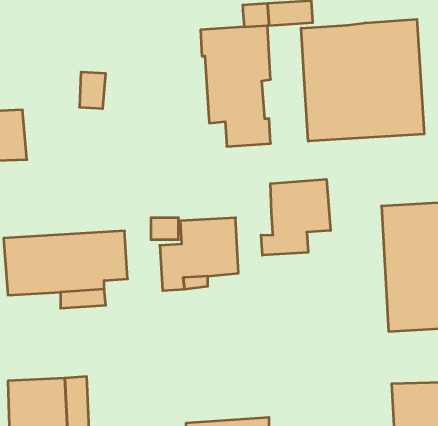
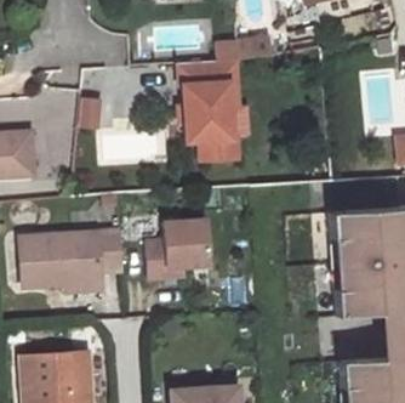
building: [301,19,424,141] -> none
building: [261,179,330,255] -> none

